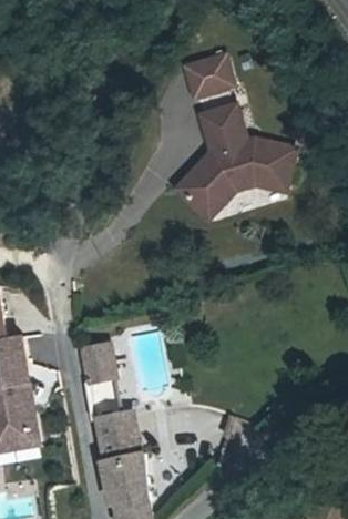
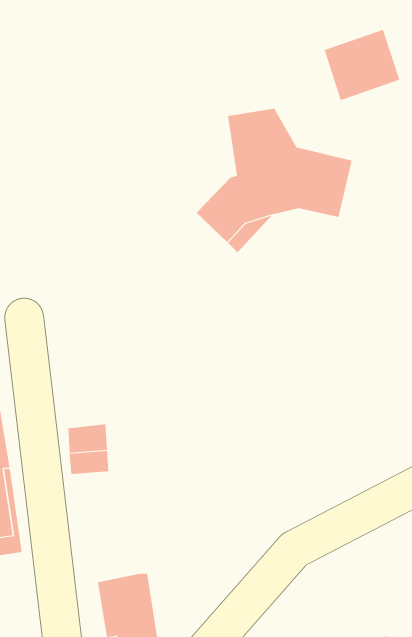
building: [175,50,232,103] -> [324,29,400,101]
building: [88,418,131,467] -> none

